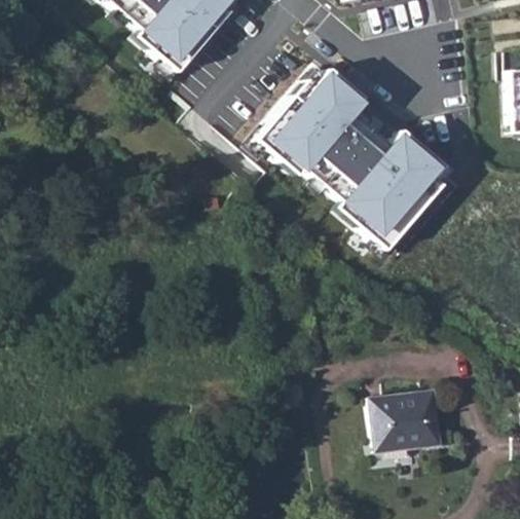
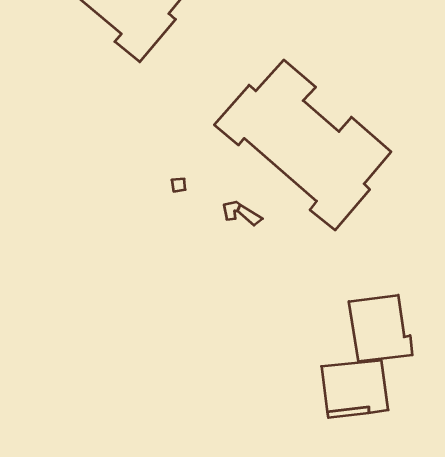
building: none -> [349,295,412,361]

